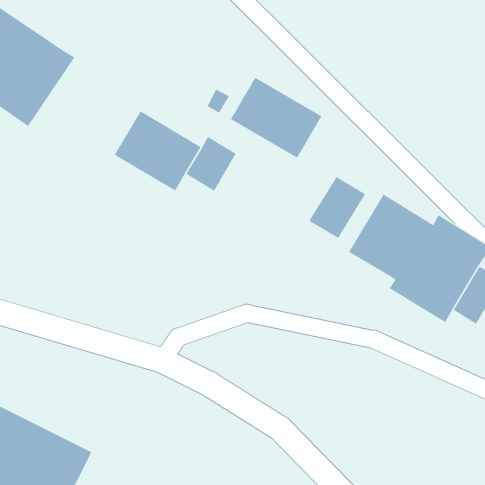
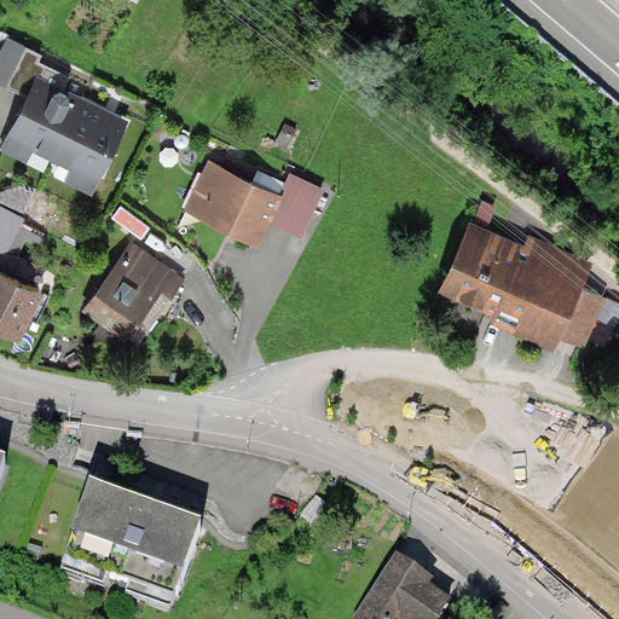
building: [230,77,322,159] -> none
building: [309,176,366,239] -> none
building: none -> [81,247,173,336]

